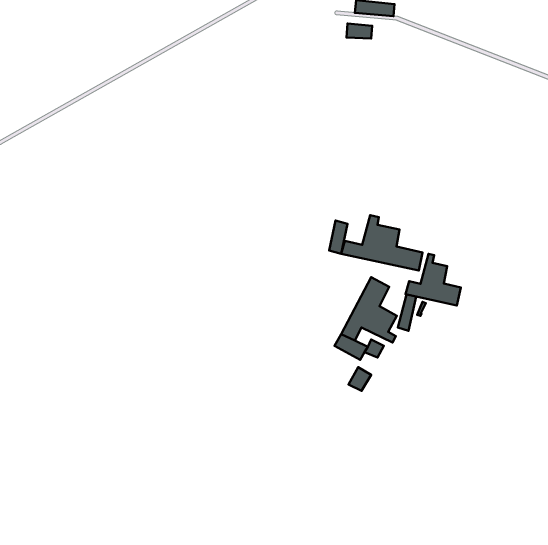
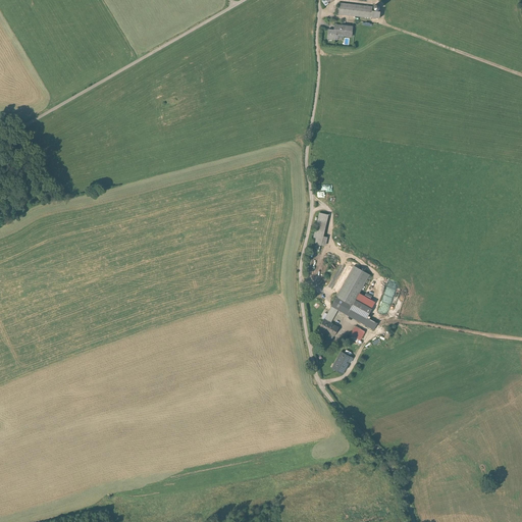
building: [341,215,423,270] -> none
building: [406,254,461,306] -> none

